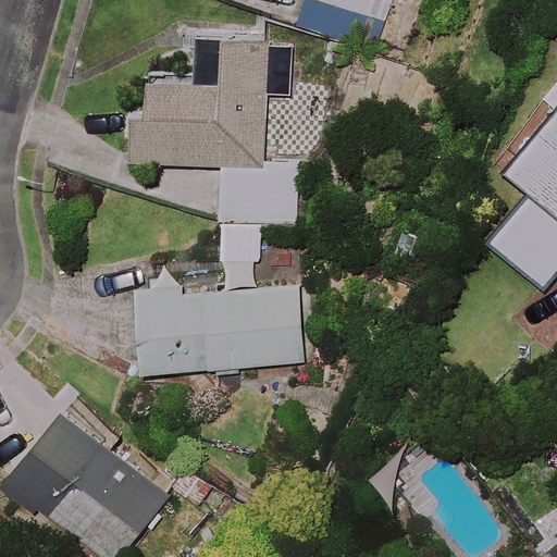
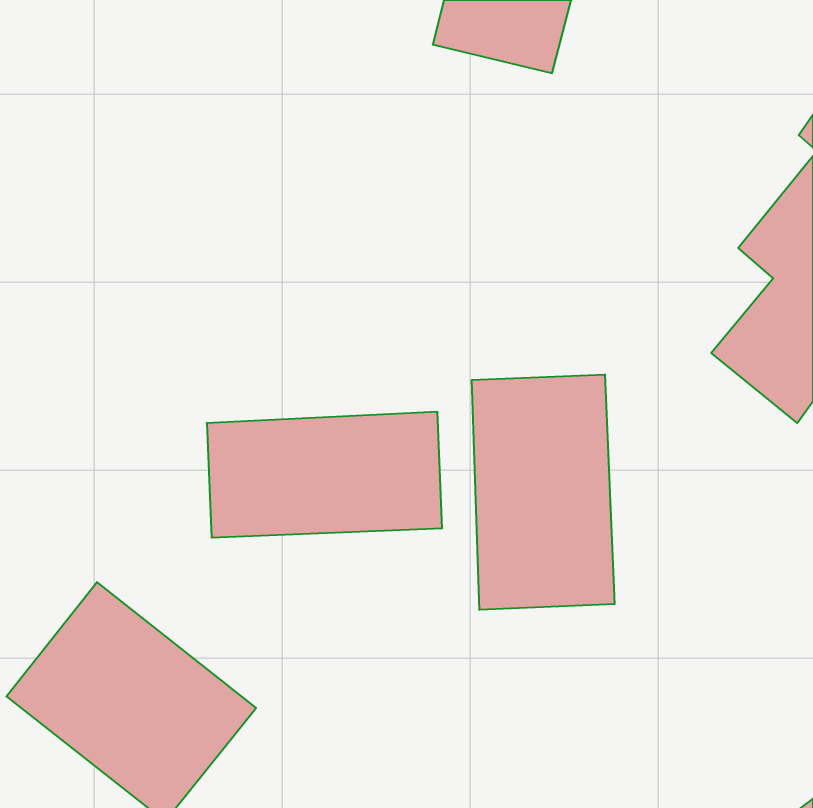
building: [126,37,304,265] -> none
building: none -> [472,374,614,610]

